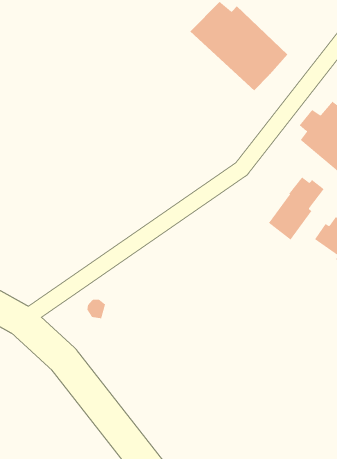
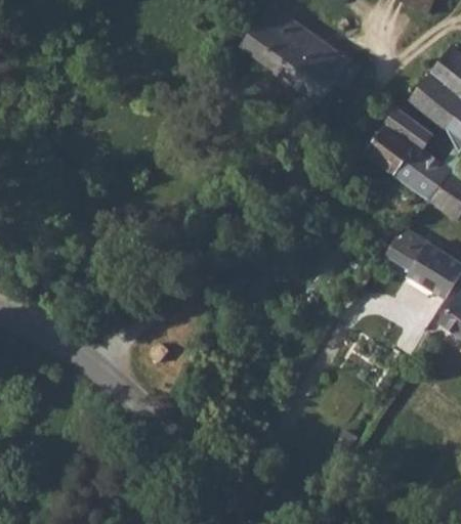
building: [268,177,324,241] -> none

